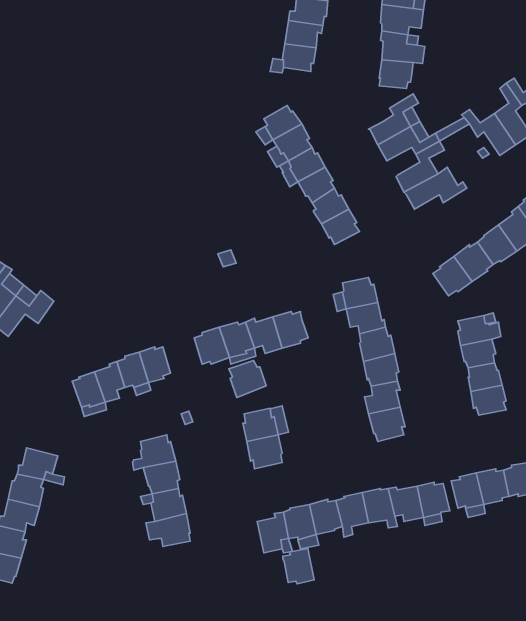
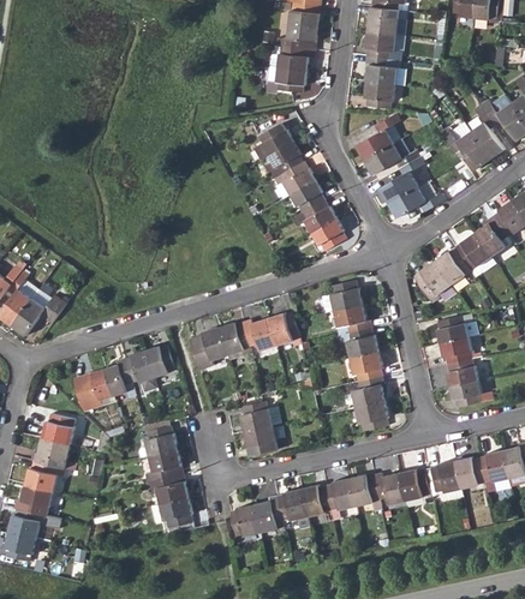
building: [229,360,266,397] -> none
building: none -> [41,414,73,444]
building: [283,548,314,584] -> [229,504,258,537]

